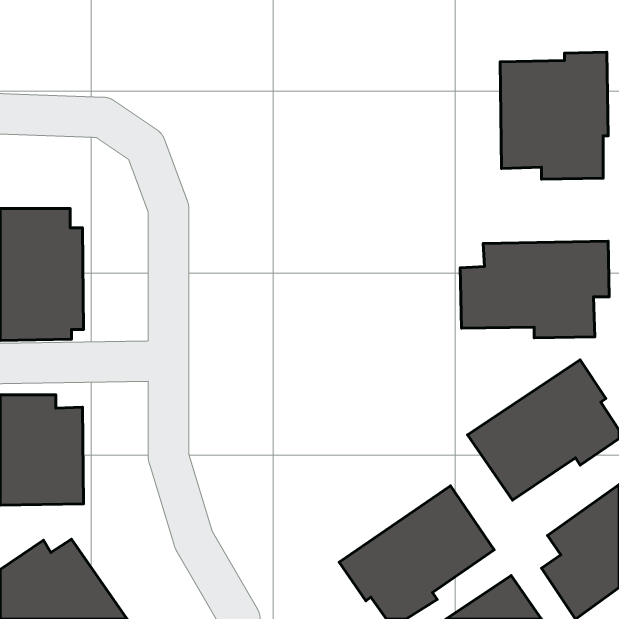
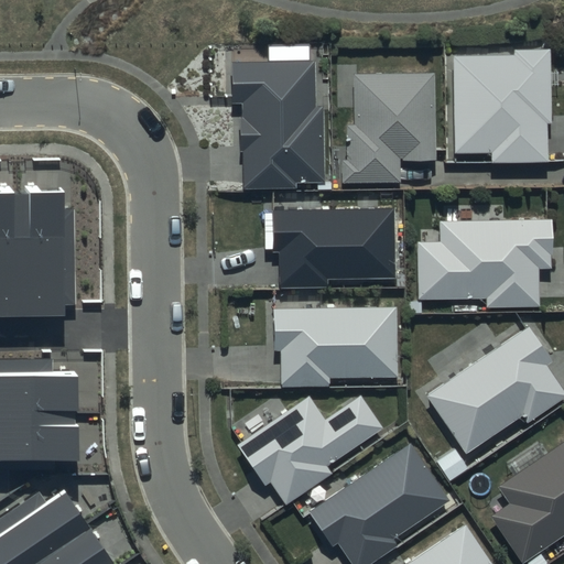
building: none -> [234,62,324,189]
building: none -> [341,74,436,183]
building: none -> [273,209,397,288]
building: none -> [273,308,398,388]
building: none -> [237,394,384,505]

